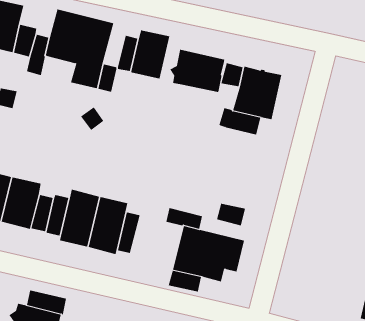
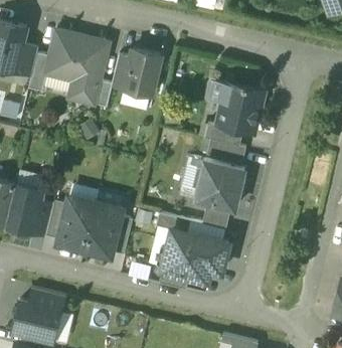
building: [169,49,226,93] -> none
building: none -> [207,139,245,163]
building: none -> [193,160,243,208]

